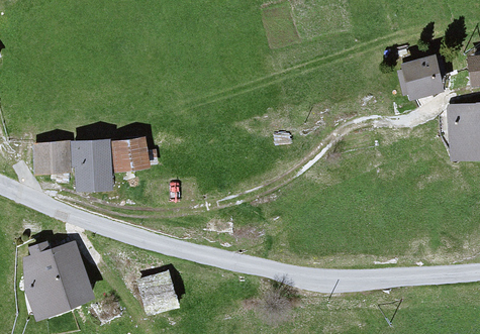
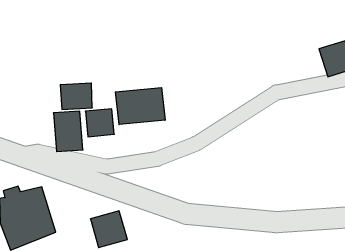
building: none -> [115,88,165,125]
building: [36,142,76,175] -> [60,83,92,109]

